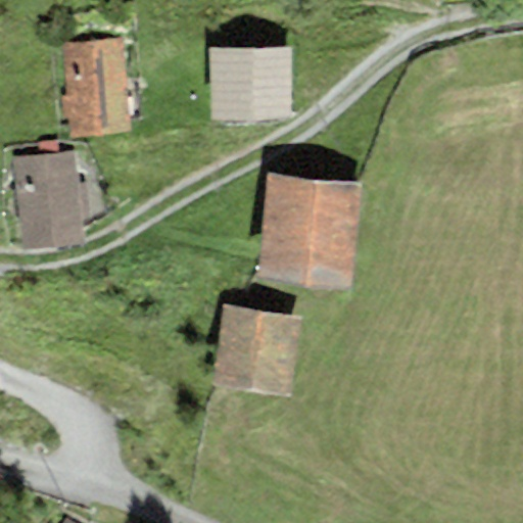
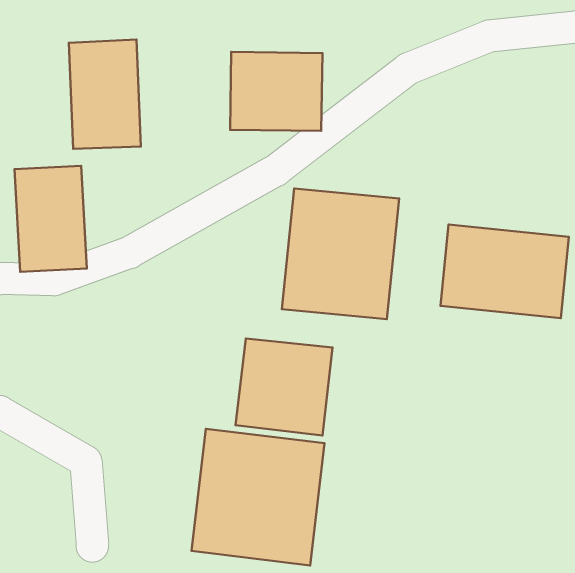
building: none -> [440,225,569,318]
building: none -> [192,429,324,565]

